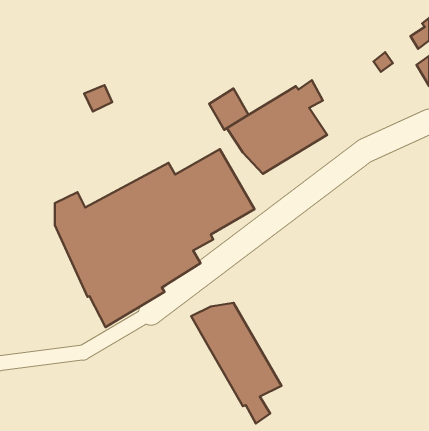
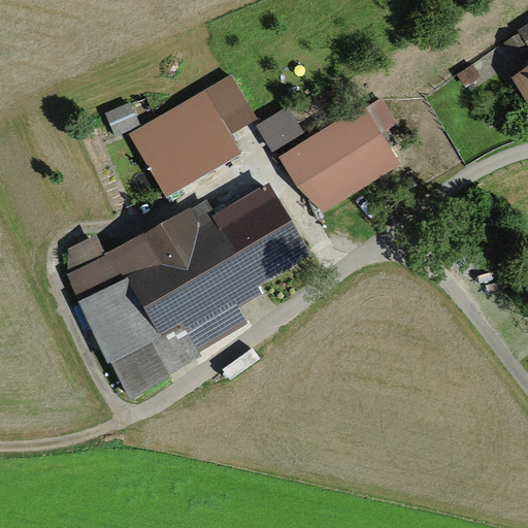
building: none -> [128,74,257,197]
building: [191,303,282,424] -> none

